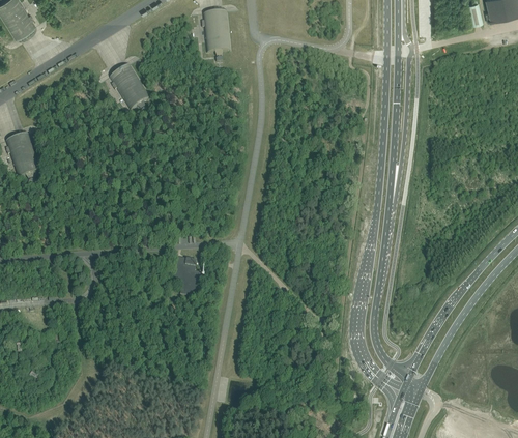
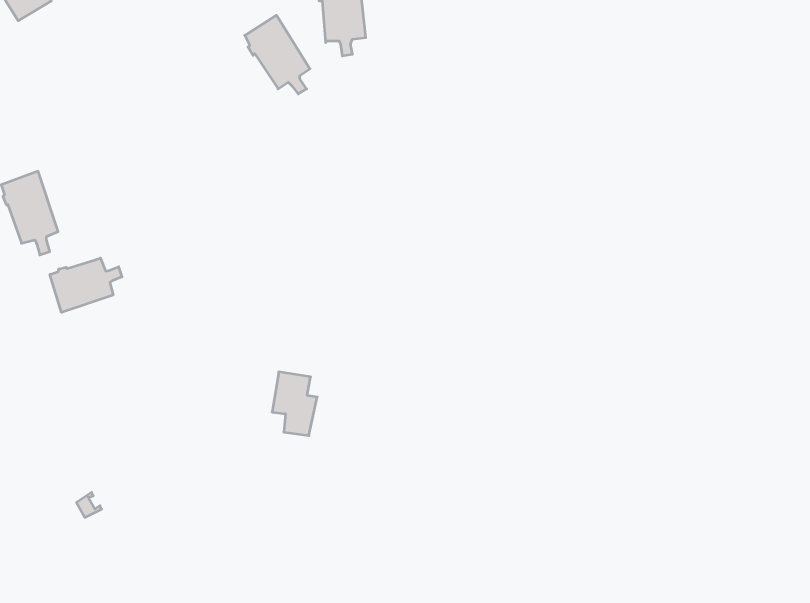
building: [110,64,150,113] -> [245,15,310,94]
building: none -> [50,258,122,312]

